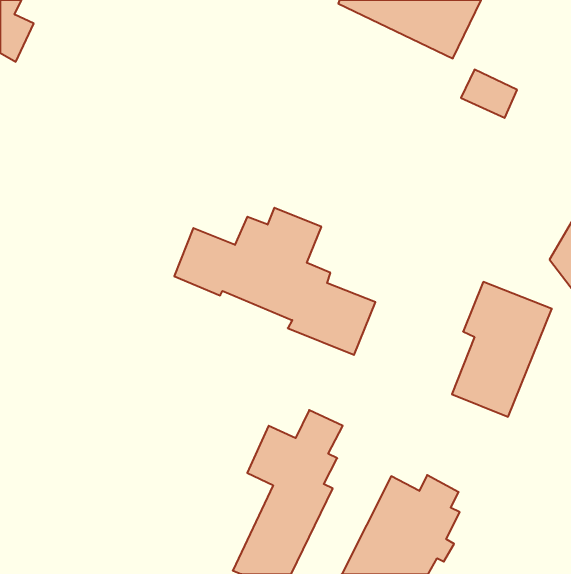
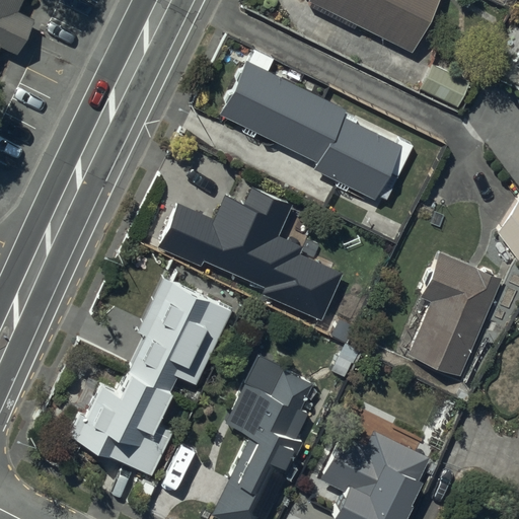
building: none -> [220,53,402,192]
building: none -> [68,277,231,475]

